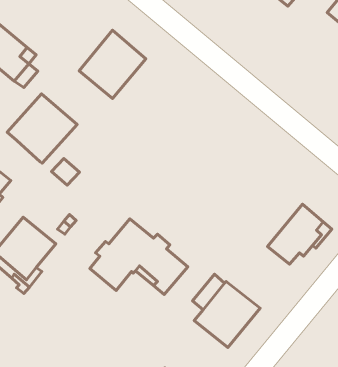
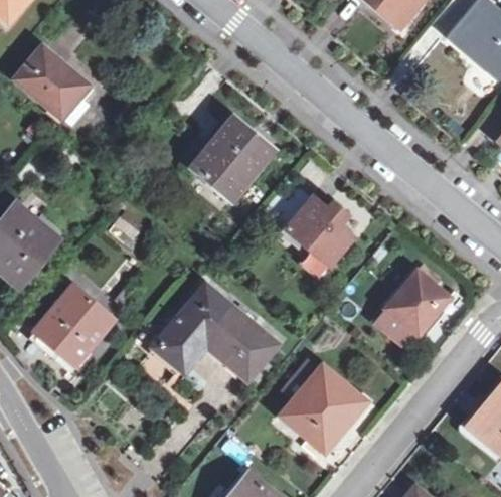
building: [79,30,146,99] -> [191,117,274,201]
building: [7,94,77,163] -> none
building: none -> [285,194,354,266]

